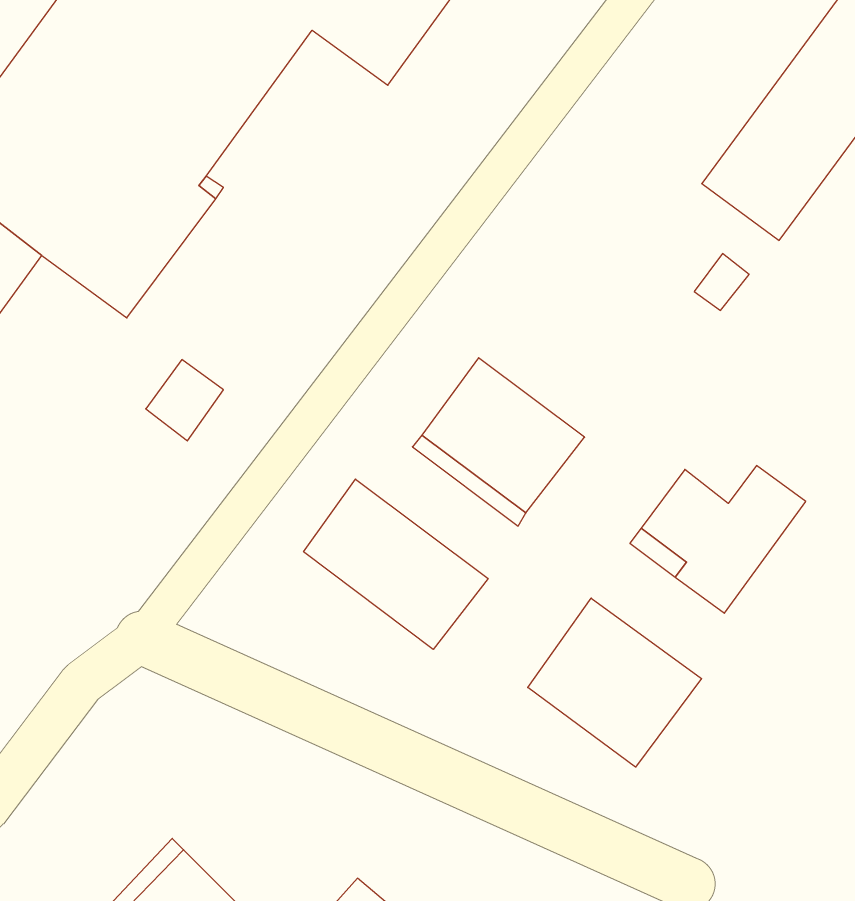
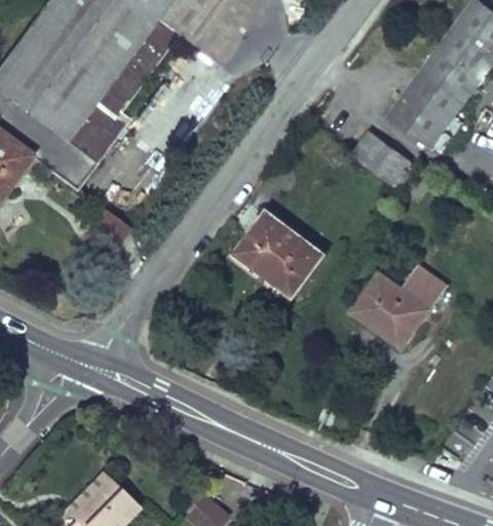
building: none -> [354,130,400,174]
building: [304,479,488,649] -> none
building: [528,598,702,767] -> none

